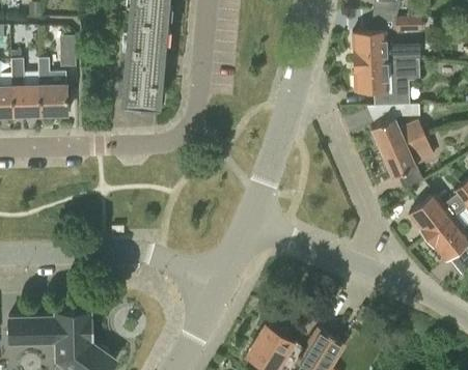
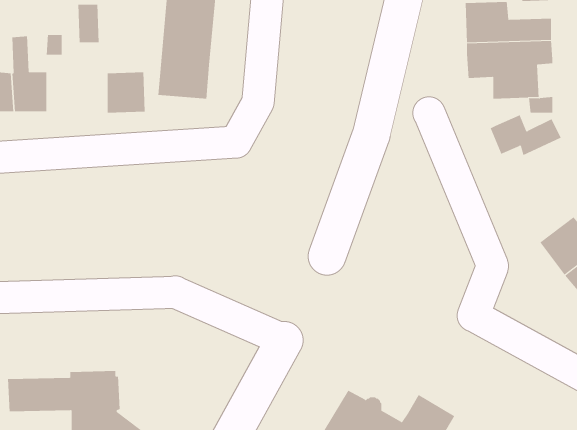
building: [38,85,67,116] -> [107,72,145,113]
building: [380,136,433,178] -> none

